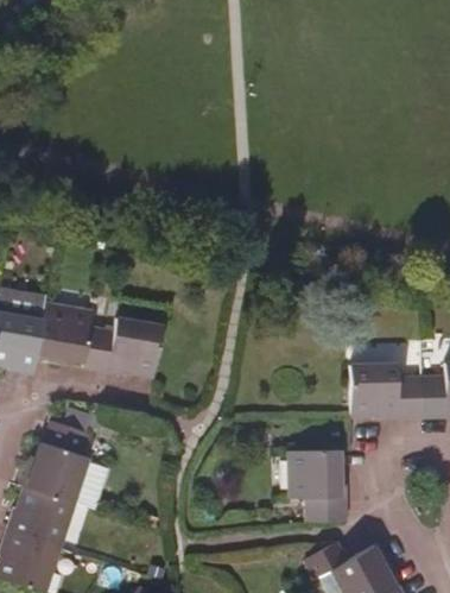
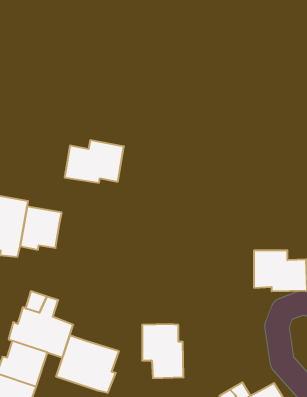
building: [83,318,163,376] -> [65,140,124,183]
building: [291,449,347,522] -> [142,324,184,378]
building: none -> [56,335,119,393]

